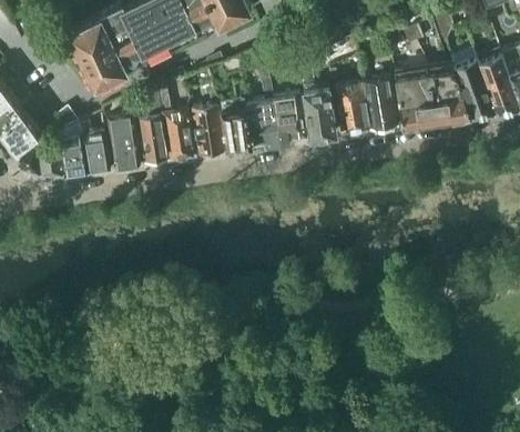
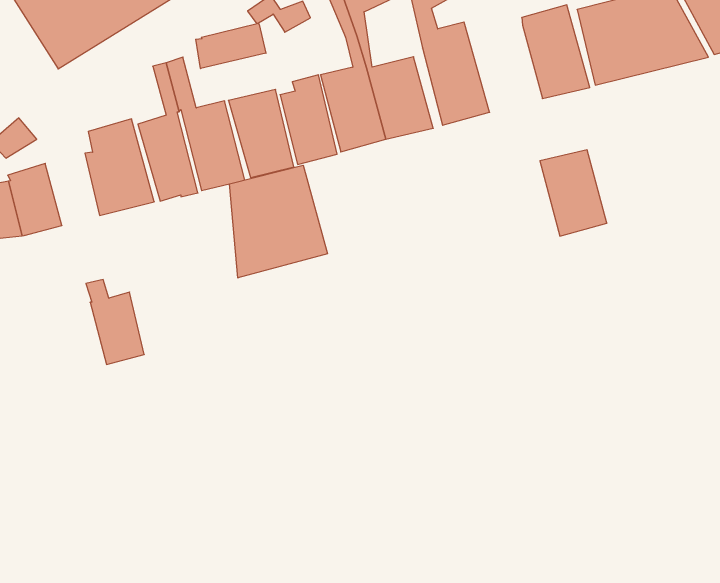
building: none -> [196,23,266,69]
building: [335,90,369,138] -> [540,150,607,236]
building: [80,127,109,175] -> [86,280,144,364]
building: none -> [230,165,327,278]

